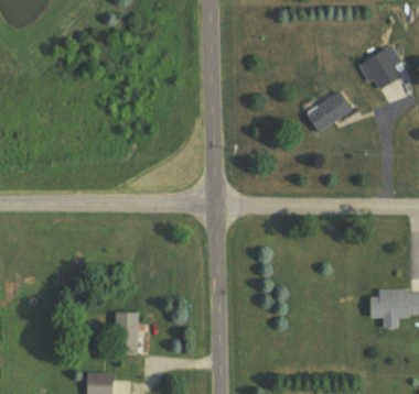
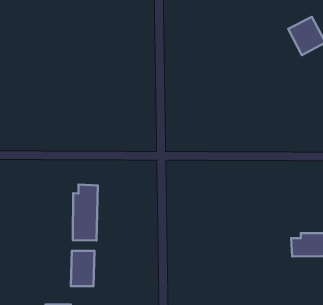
building: [305,88,354,132] -> none
building: none -> [73,184,98,240]

